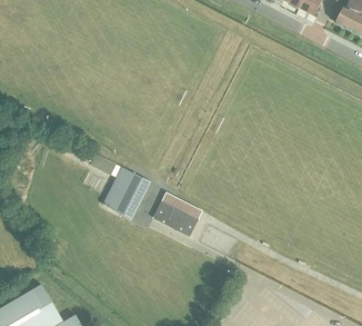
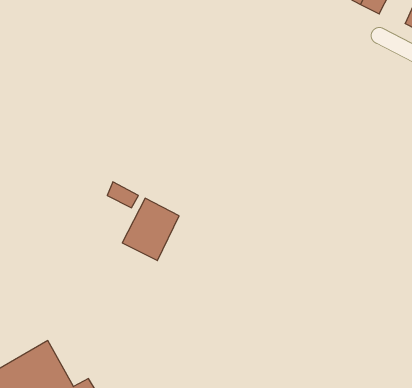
building: [152,199,195,235] -> none

